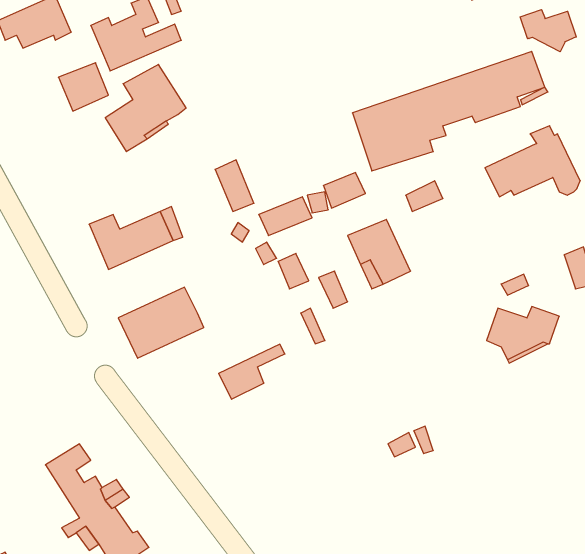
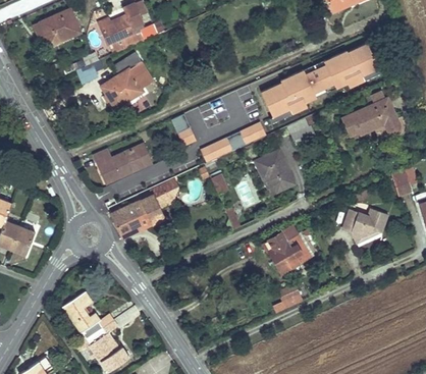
building: [520,10,576,52] -> none
building: none -> [265,226,310,273]
building: [219,344,285,399] -> [152,175,194,210]

